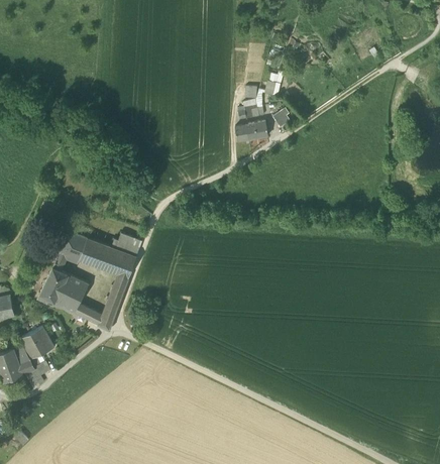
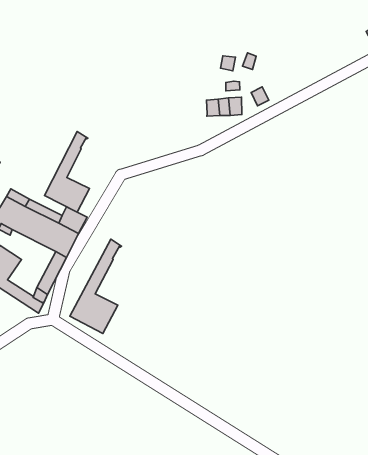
building: none -> [45,131,89,212]
building: none -> [70,239,121,334]

